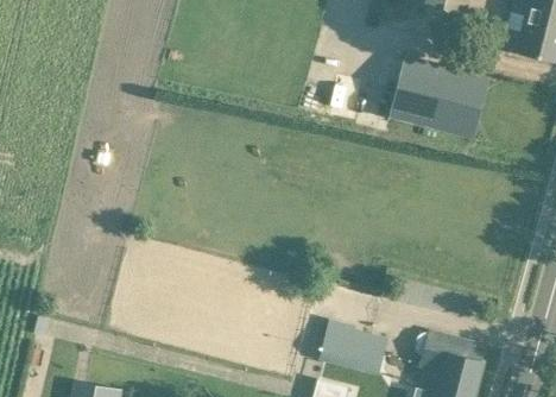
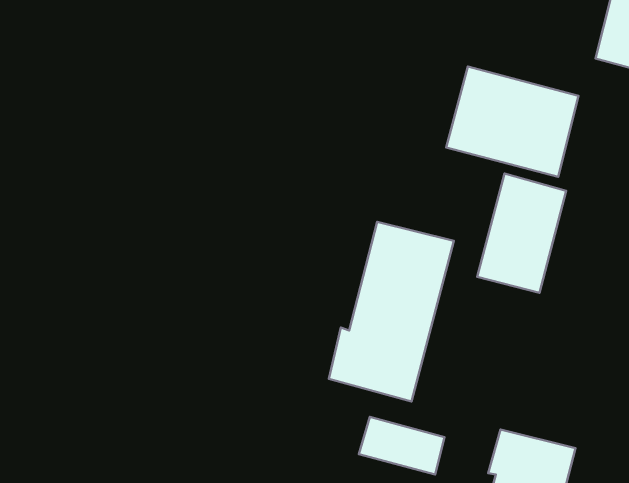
building: none -> [477,173,566,293]
building: none -> [329,222,454,401]

